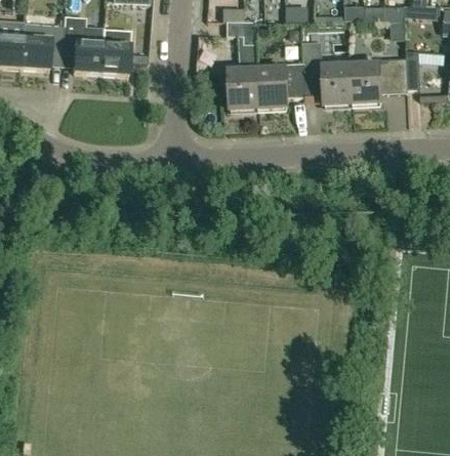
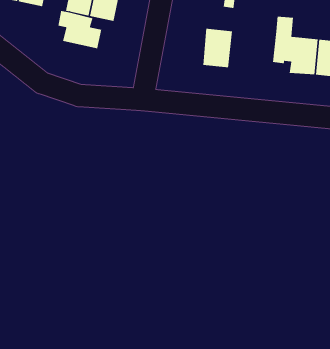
building: [257,61,304,108] -> none
building: none -> [58,10,102,49]

